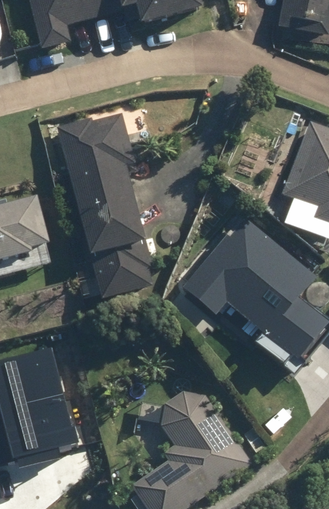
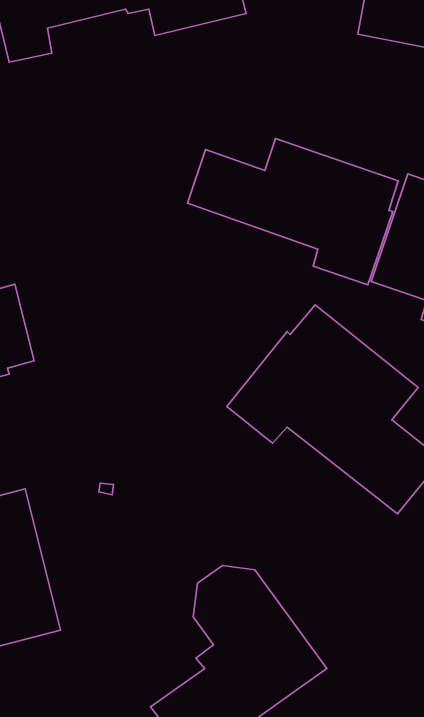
building: none -> [188,138,398,285]
building: [58,114,155,305] -> none

